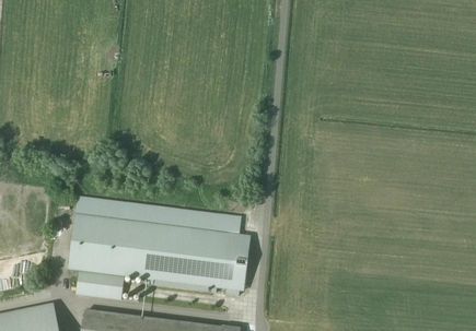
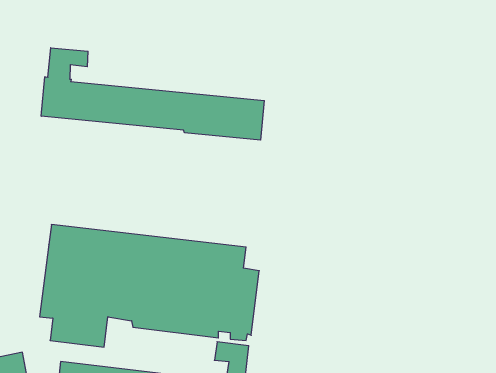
building: none -> [41,48,264,140]

